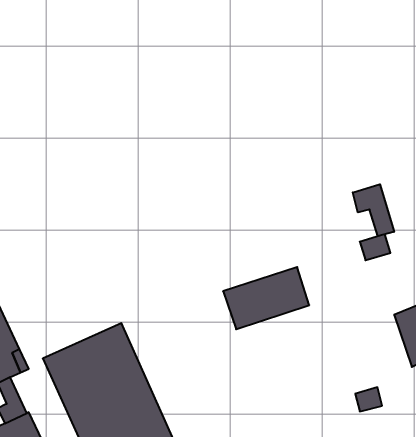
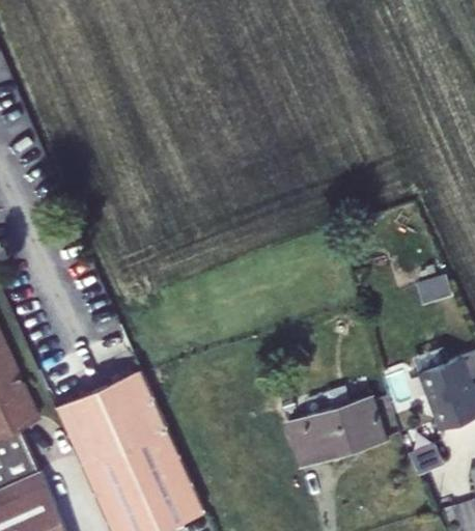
building: [353,184,394,236] -> none
building: [223,267,309,329] -> [290,398,387,468]
building: none -> [418,362,466,430]

